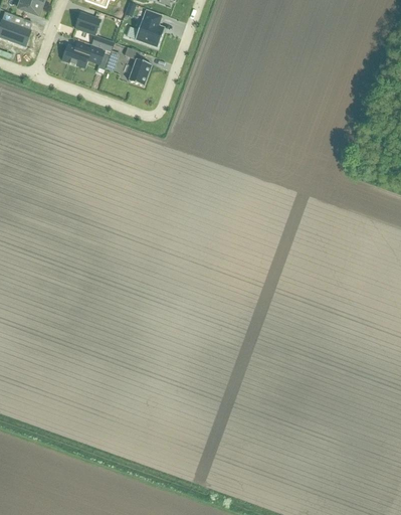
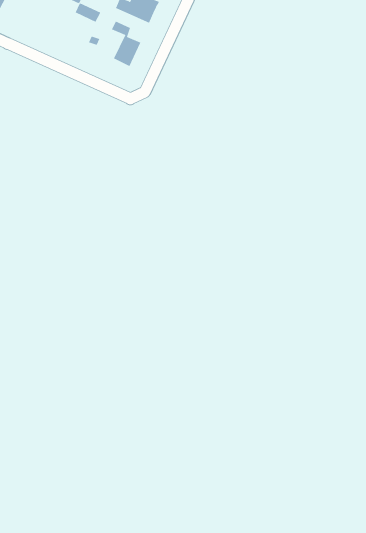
building: [62,41,104,66] -> none

